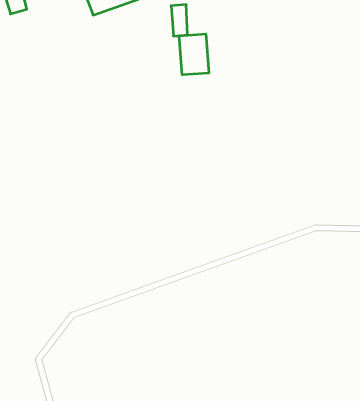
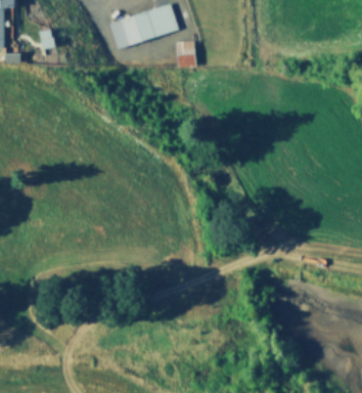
building: [179,34,209,75] -> none

